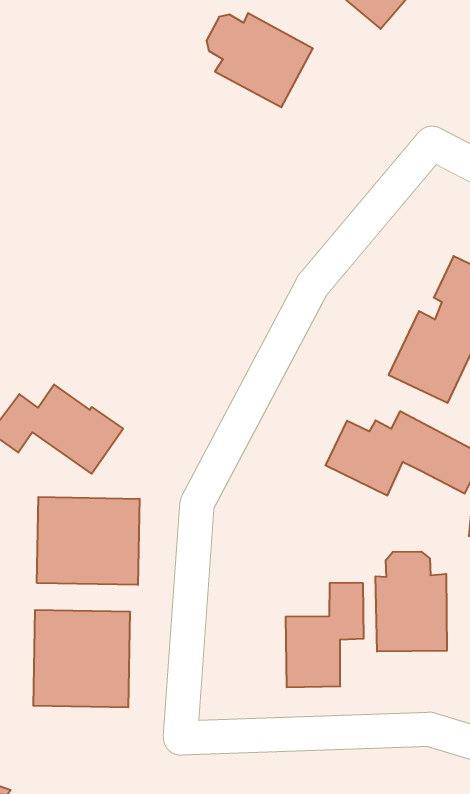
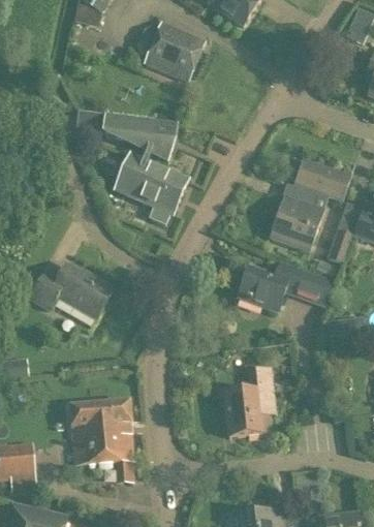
building: none -> [100,111,187,223]
building: [37,497,140,585] -> none
building: [376,552,447,652] -> none

